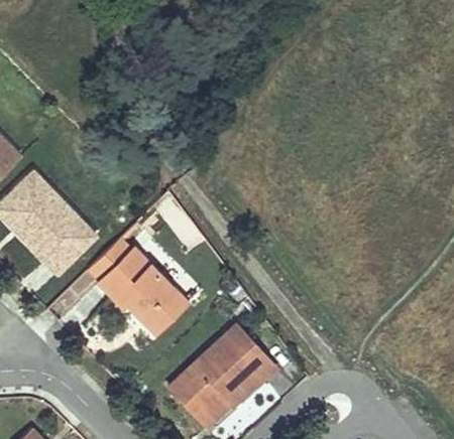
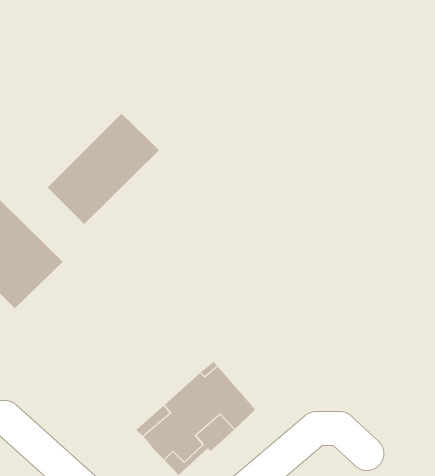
building: none -> [47,113,160,225]
building: [89,237,186,331] -> none

